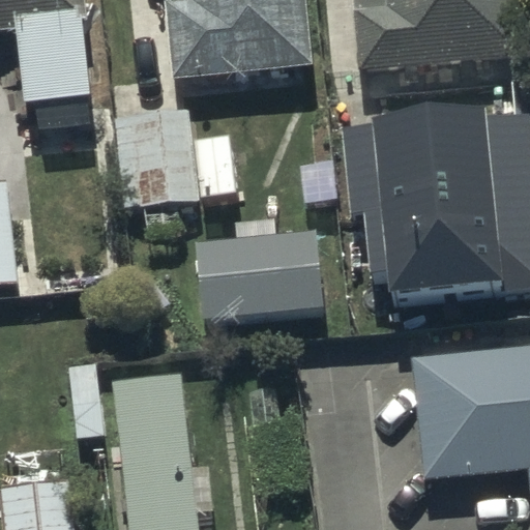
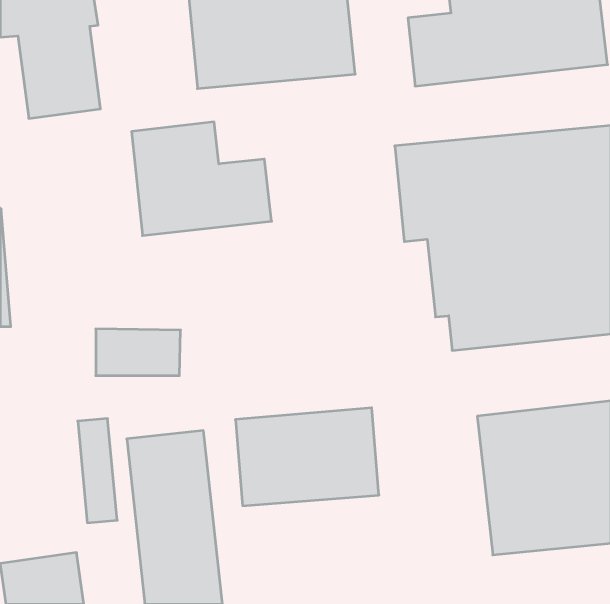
building: [198,234,322,319] -> [235,408,379,506]

